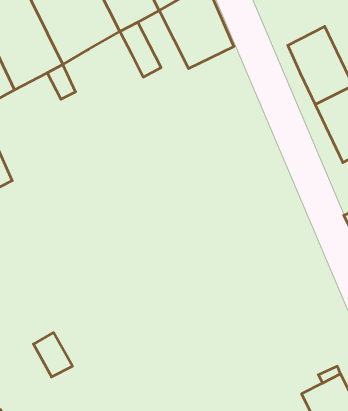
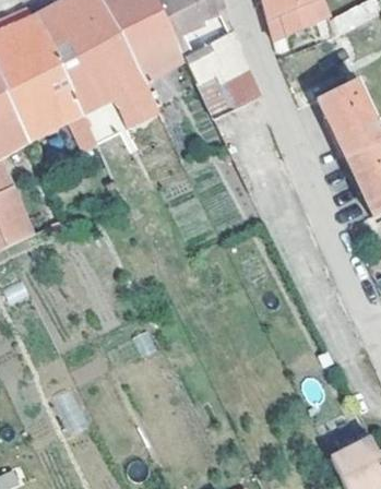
building: none -> [109,80,154,120]

